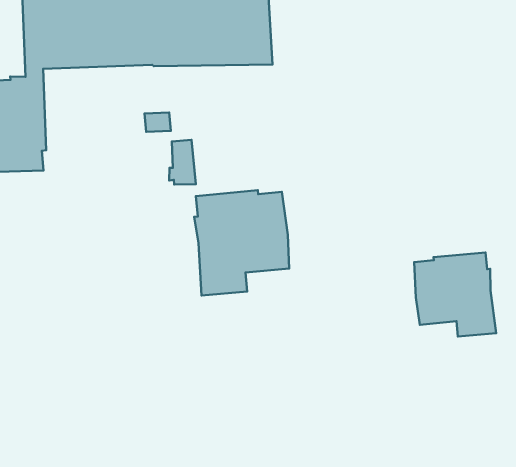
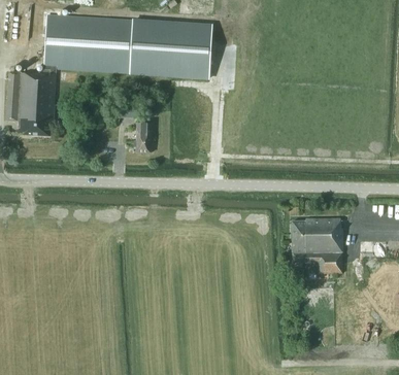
building: [194,190,289,296] -> none

